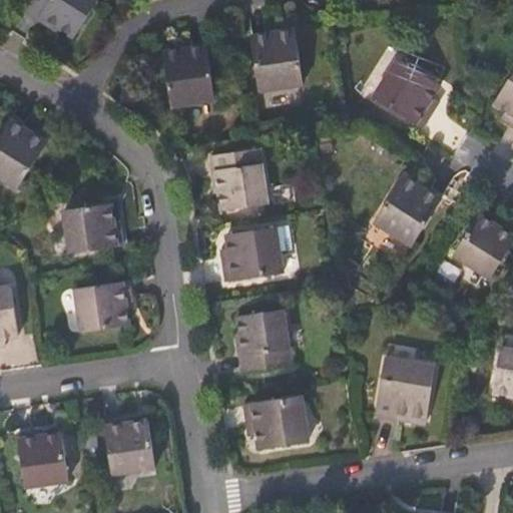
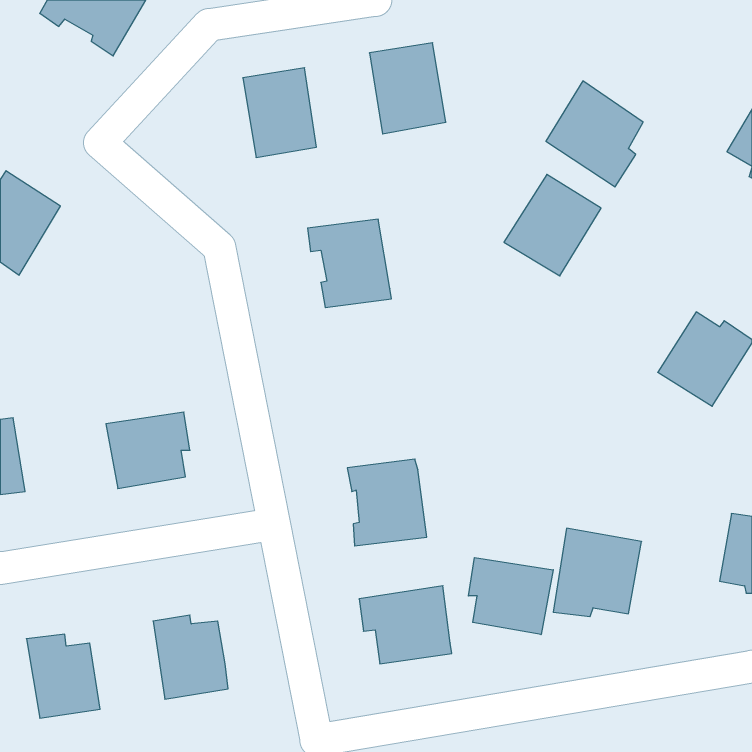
building: [372,175,438,244] -> [504,174,601,276]
building: [59,202,119,253] -> none
building: [222,227,283,283] -> none
building: none -> [468,558,553,635]

